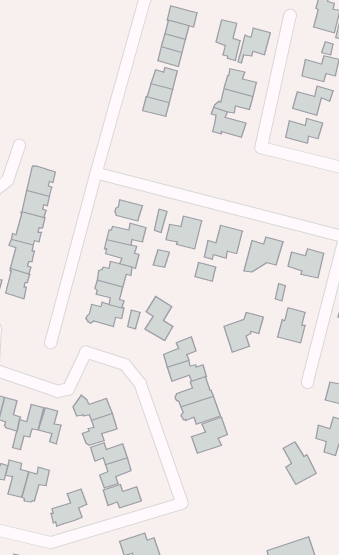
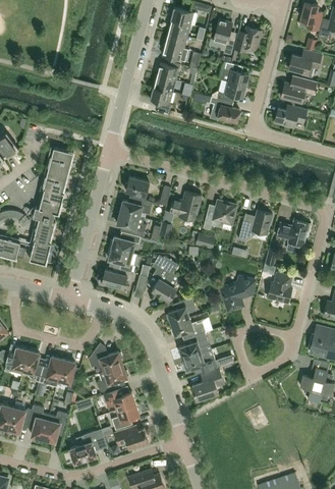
building: [283,442,316,484] -> none

